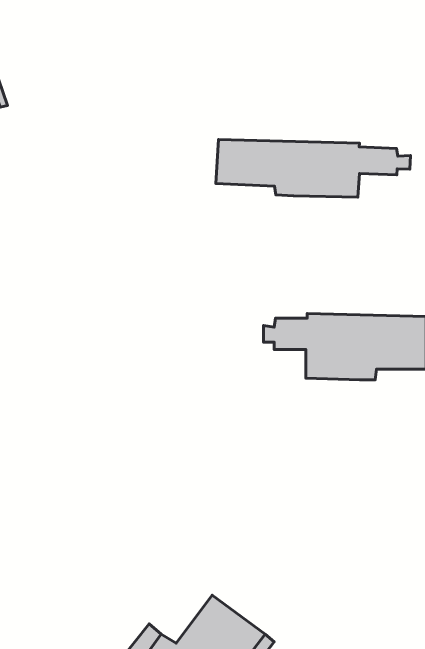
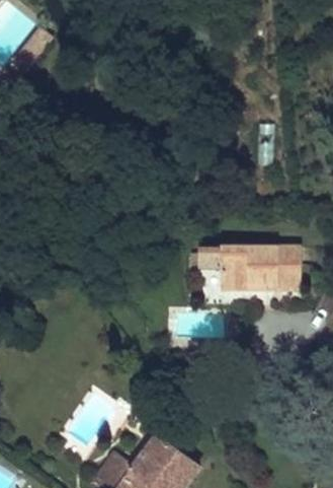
building: [216,139,411,197] -> none

